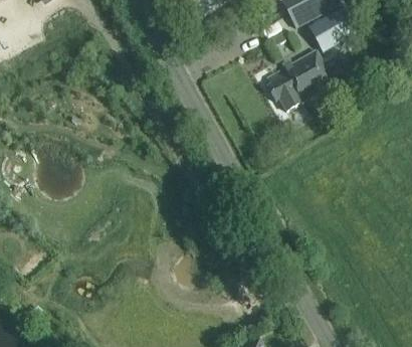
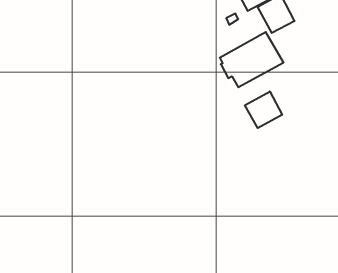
building: none -> [245,91,282,128]

